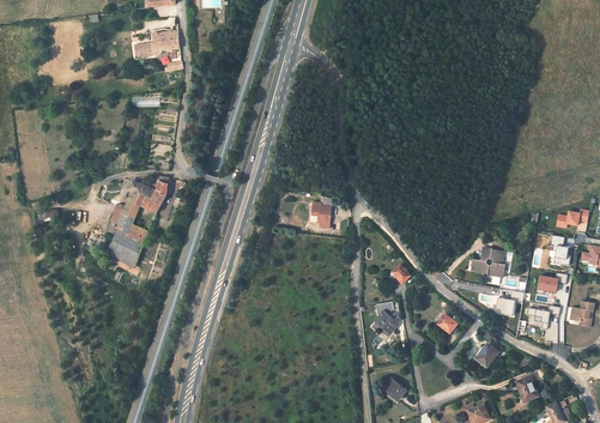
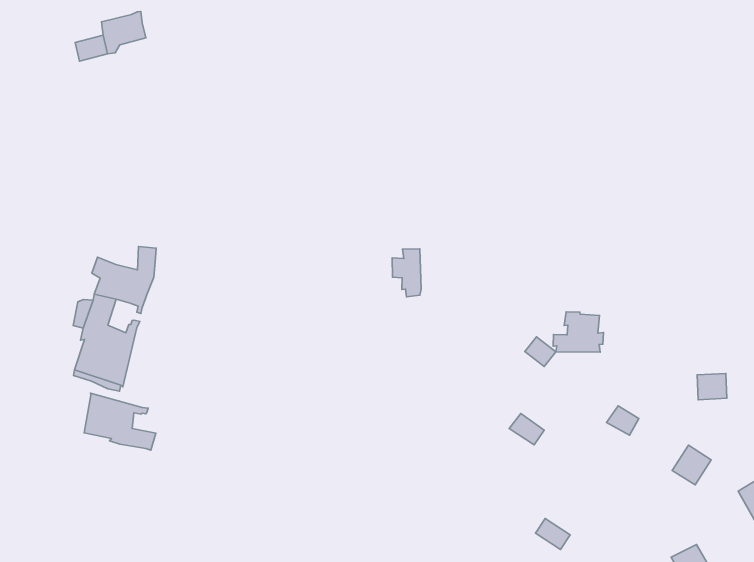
building: [475,248,508,276] -> [553,312,603,352]
building: none -> [84,393,156,450]

